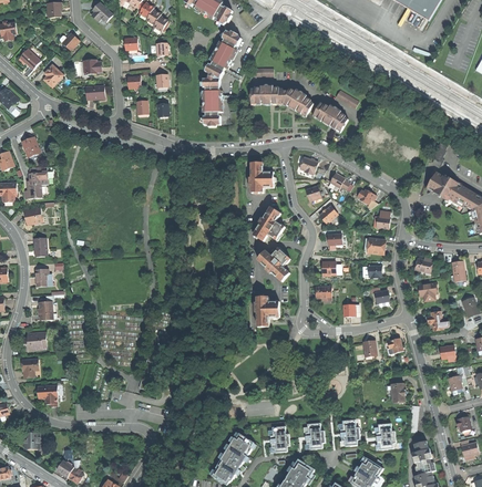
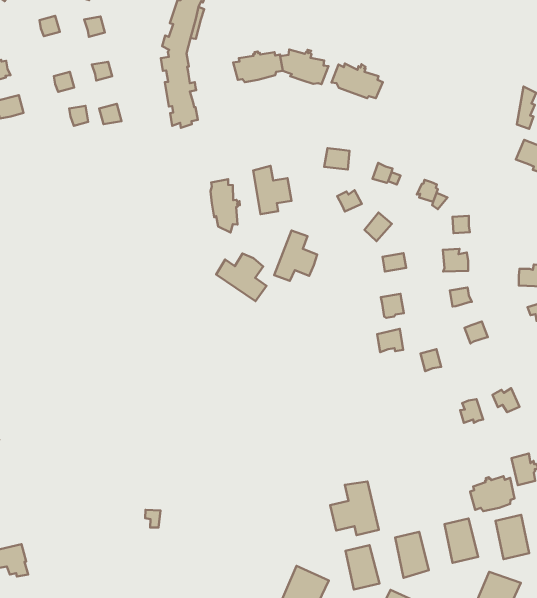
building: none -> [210,179,240,232]
building: [258,248,290,281] -> [216,253,266,301]
building: [256,296,279,325] -> none
building: none -> [330,481,379,535]
building: none -> [470,476,515,511]

